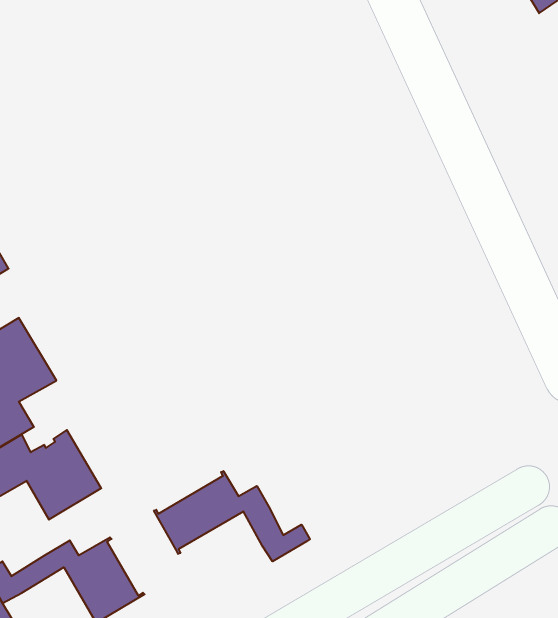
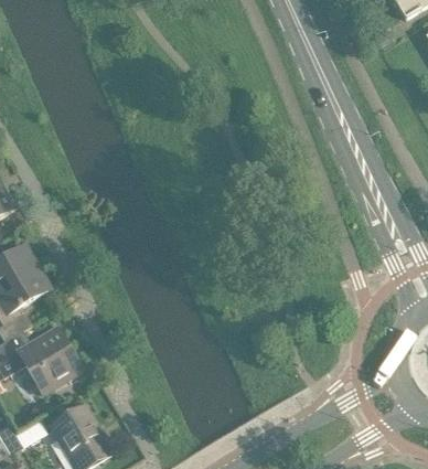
building: [154,471,310,561] -> none

